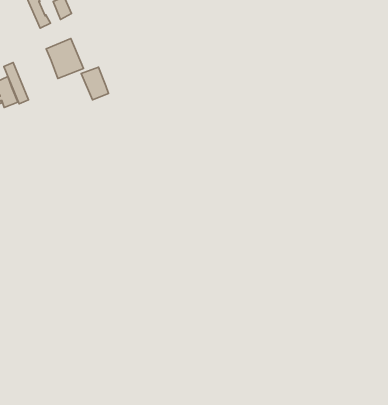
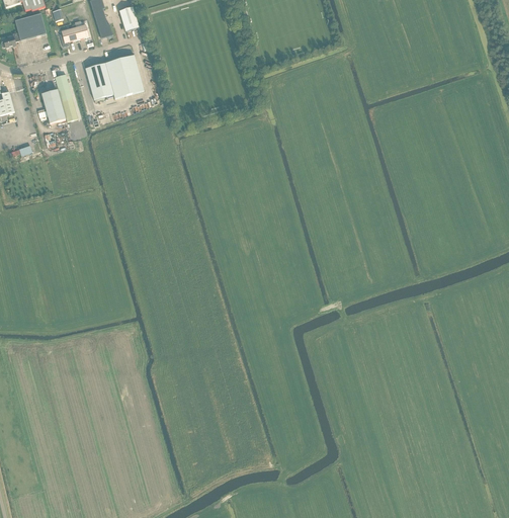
building: none -> [59,23,88,46]
building: [81,67,109,100] -> [84,62,112,98]

